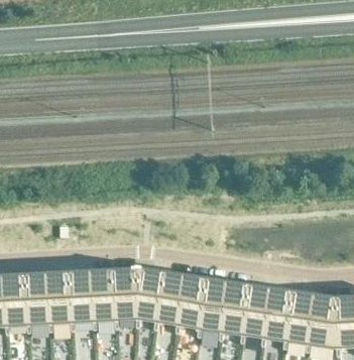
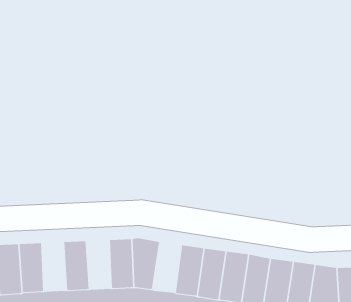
building: [93,268,117,317] -> none
building: [49,270,74,319] -> none
building: [157,270,186,320] -> none

